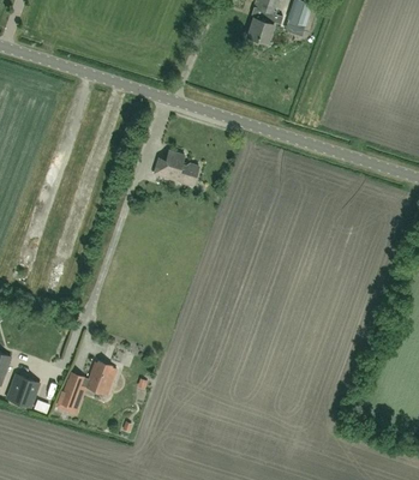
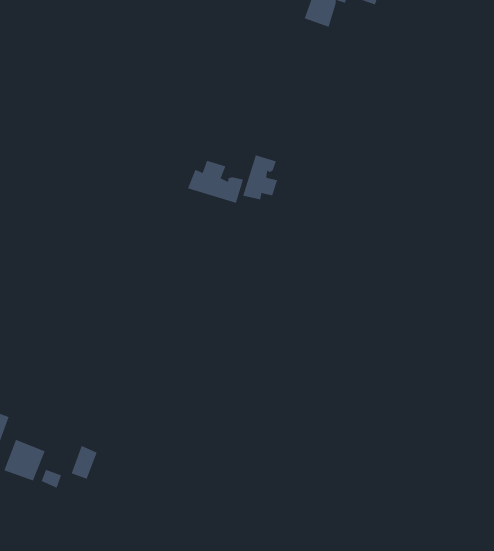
building: none -> [243,155,278,200]
building: [85,361,116,395] -> none

